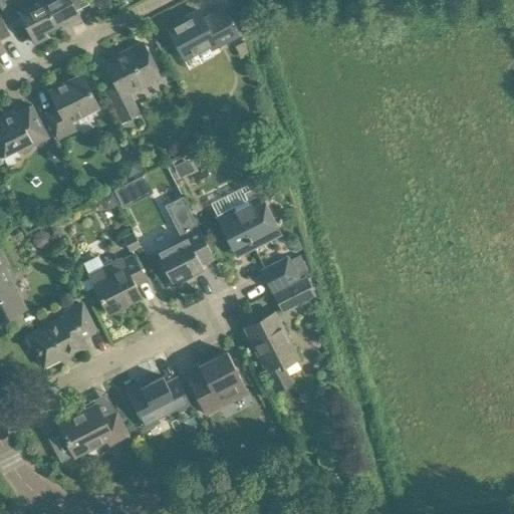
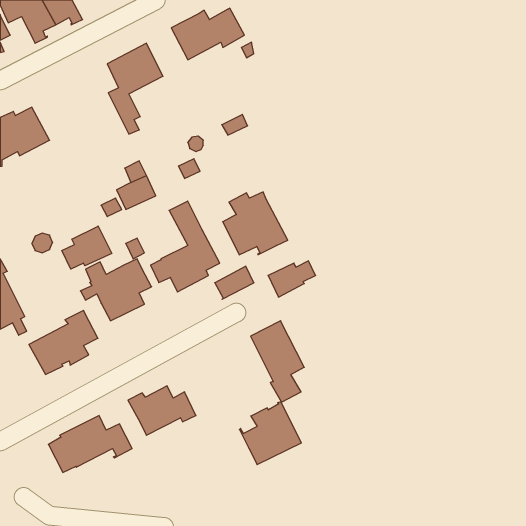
building: [46,74,99,139] -> none
building: none -> [62,226,112,269]
building: [275,278,313,310] -> [215,266,254,299]
building: [188,352,248,414] -> [239,402,301,465]

